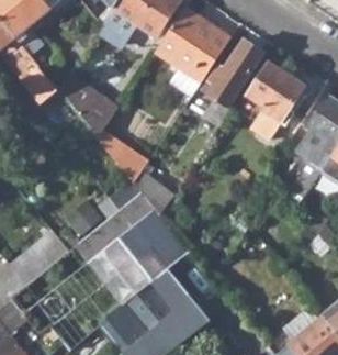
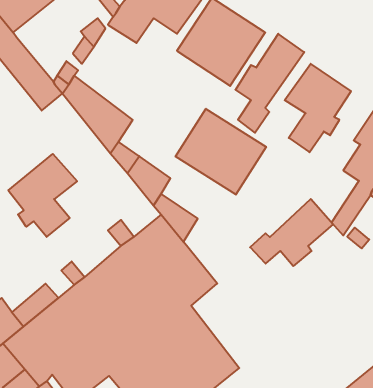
building: none -> [176,109,266,195]
building: none -> [8,154,77,237]
building: none -> [250,199,333,266]

